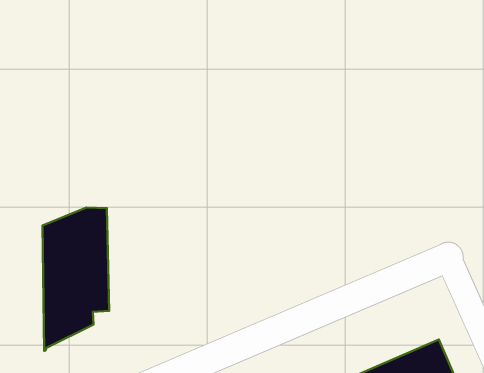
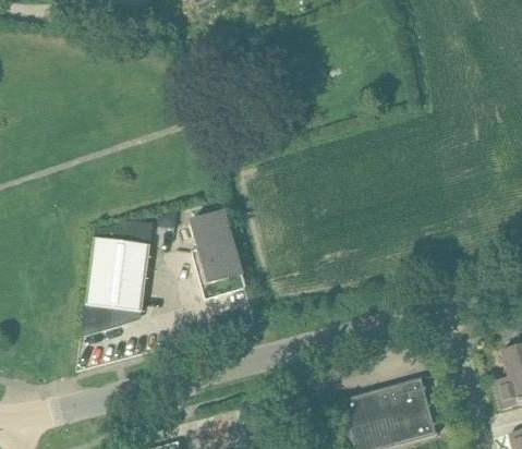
building: none -> [190,213,244,299]

